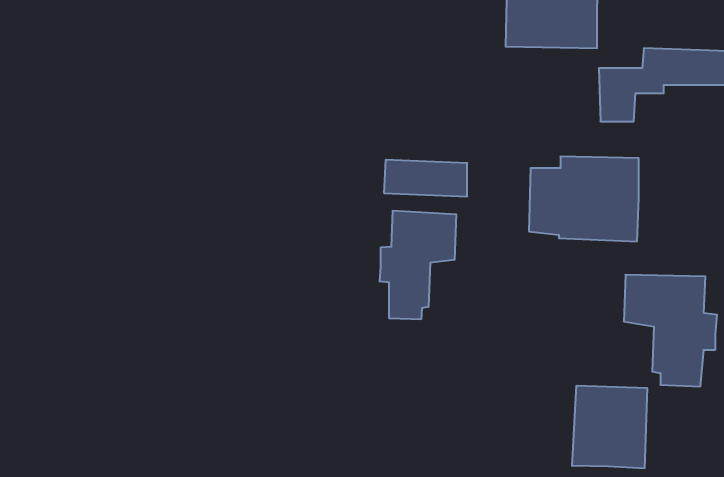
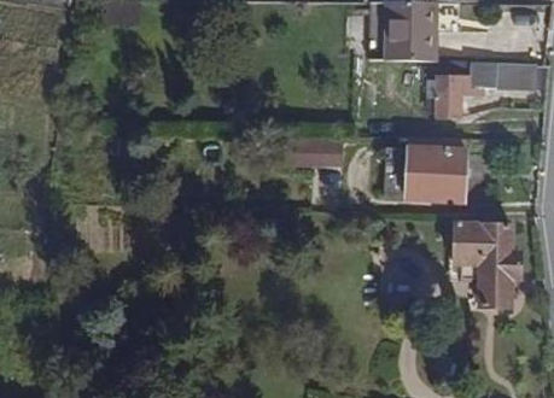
building: [380,211,456,319] -> none
building: [572,386,647,468] -> none

